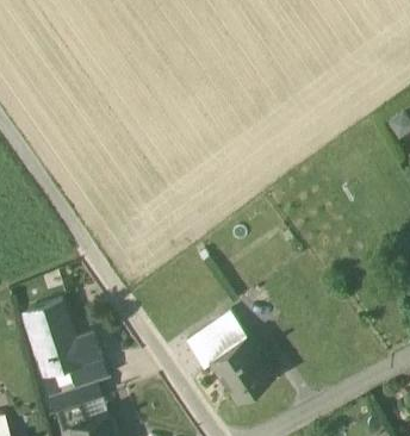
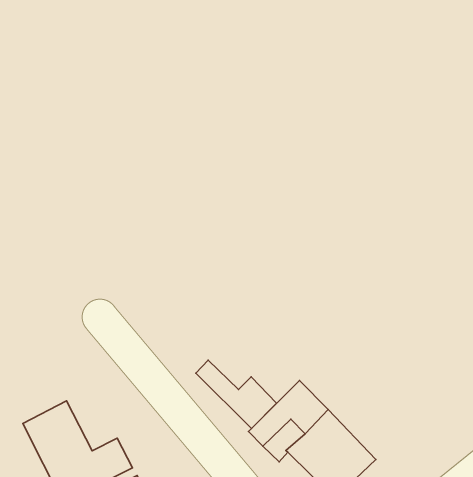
building: none -> [196,360,276,429]

